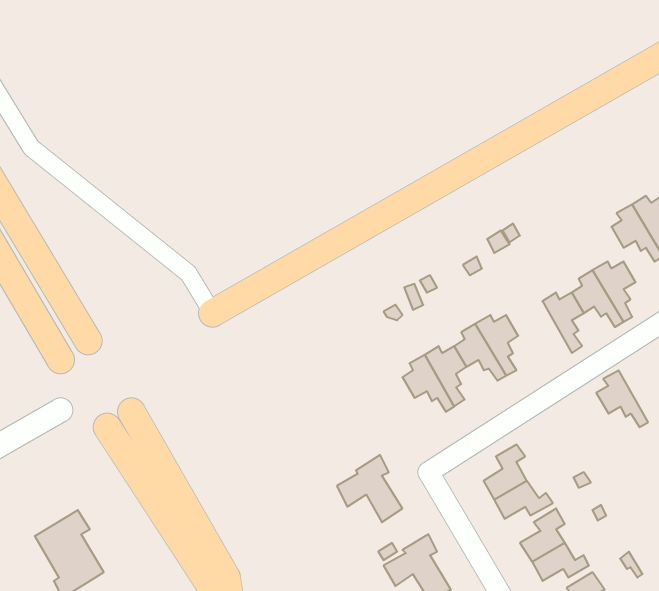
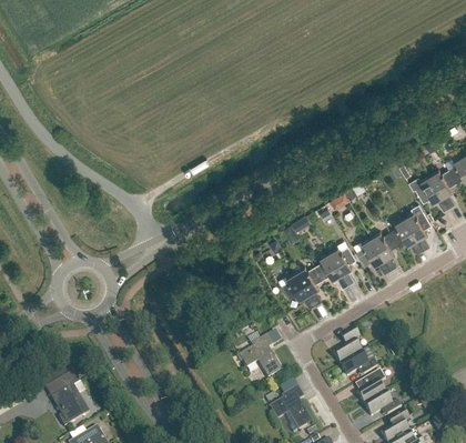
building: [596,370,648,427] -> [357,235,391,272]

